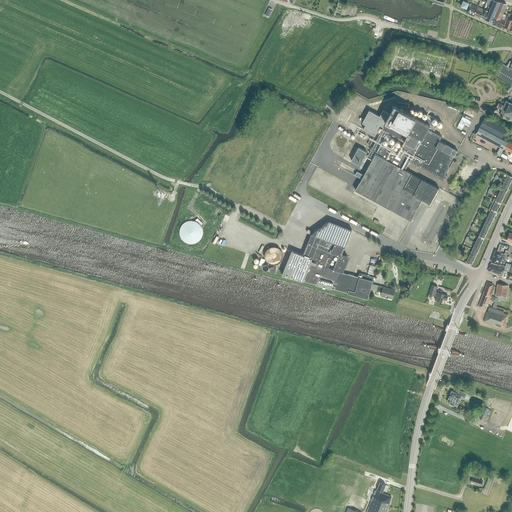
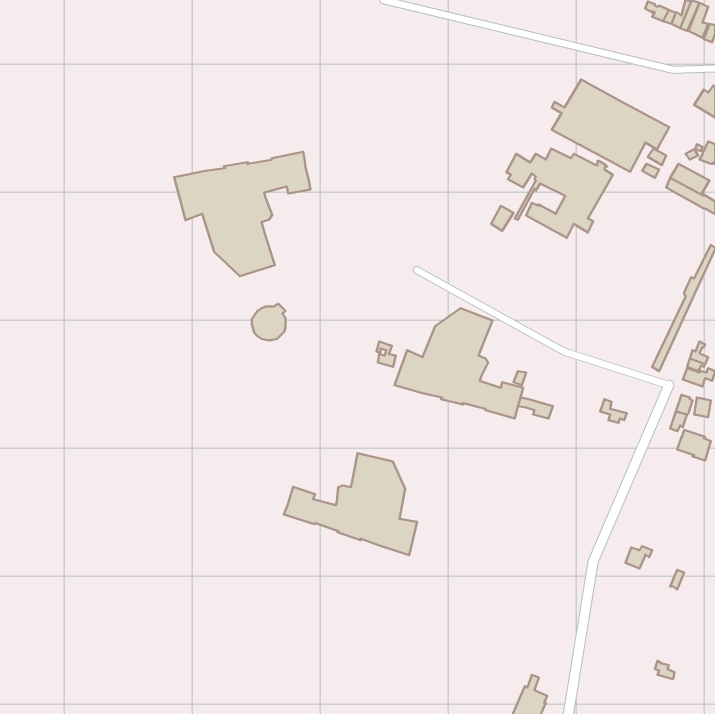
building: none -> [174,152,311,276]
building: [424,141,457,181] -> none
building: [355,155,439,221] -> [552,79,669,172]
building: none -> [284,453,417,555]

